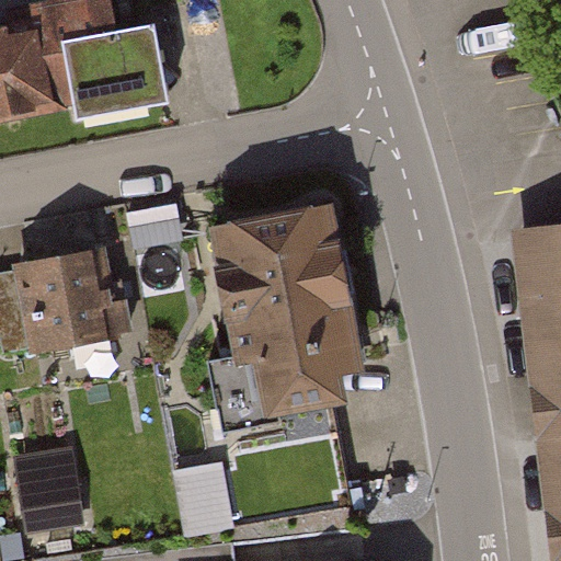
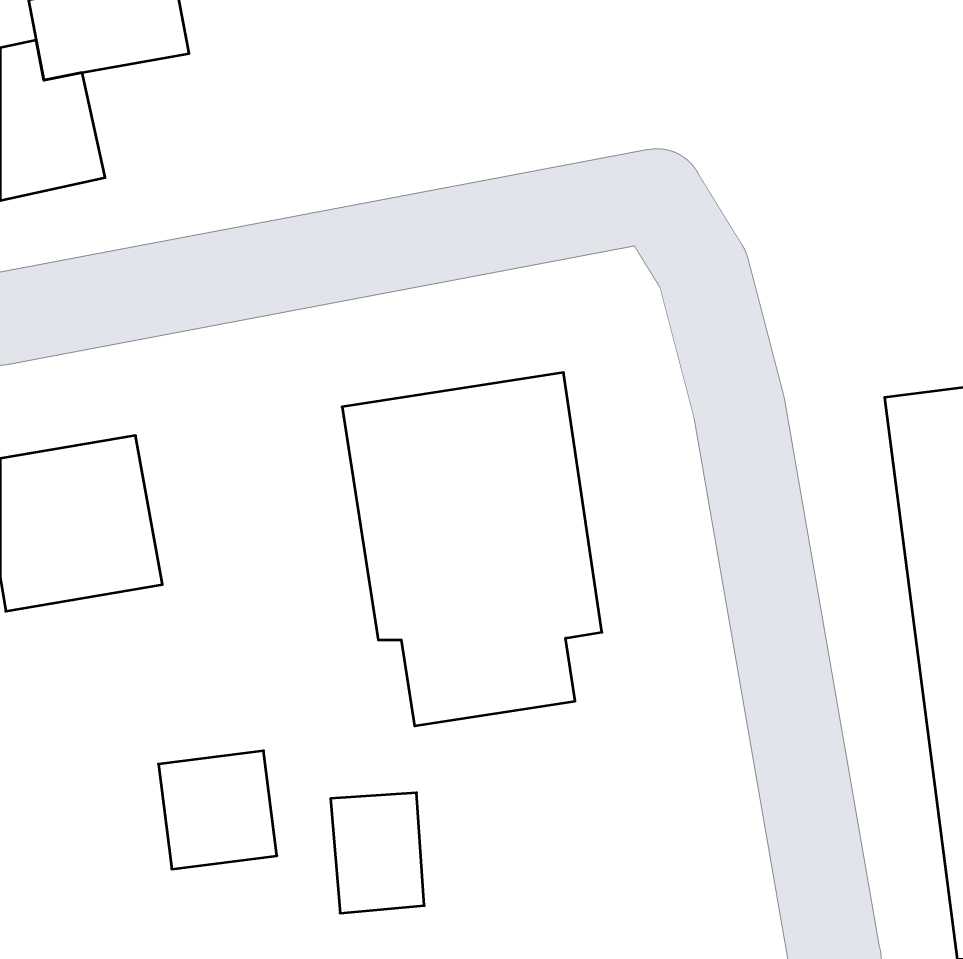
building: [55,24,165,129] -> none
building: [24,454,92,522] -> [158,751,277,869]

